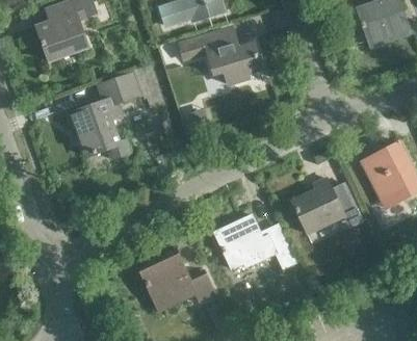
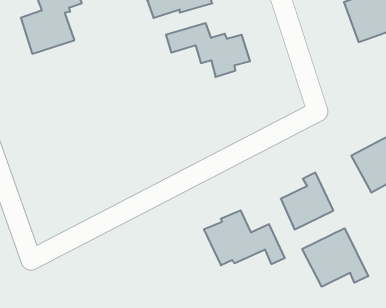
building: [68,74,139,155] -> none
building: none -> [302,228,368,287]
building: [138,247,215,303] -> none

